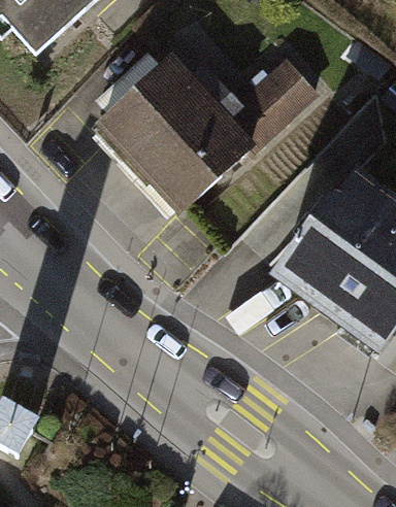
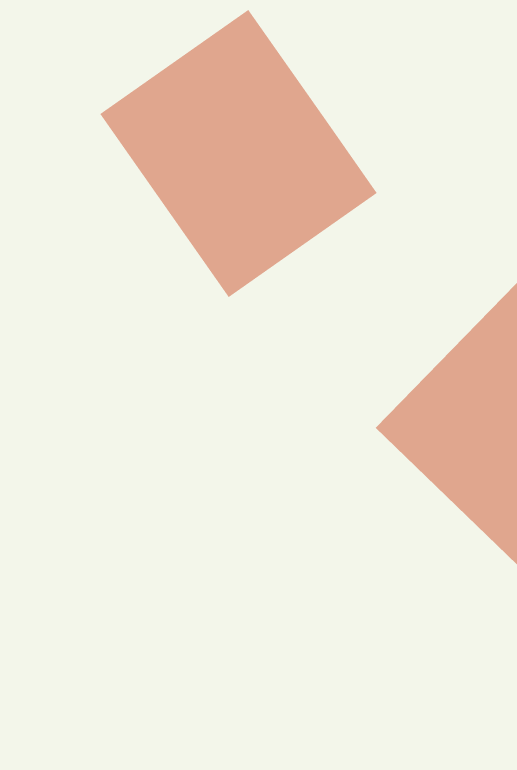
building: [221,50,316,143] -> none

